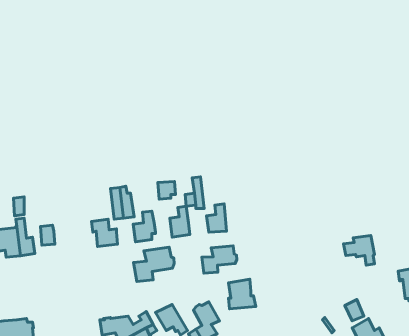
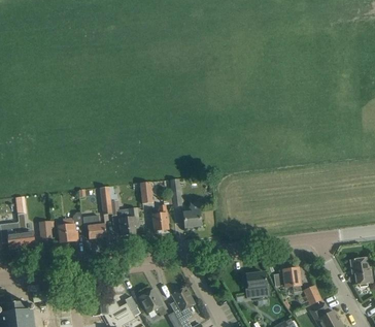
building: none -> [59,210,82,242]
building: [344,236,374,265] -> [274,268,301,294]
building: [202,246,237,273] -> none
building: [133,247,174,281] -> none
building: [228,279,256,309] -> [246,272,270,298]

